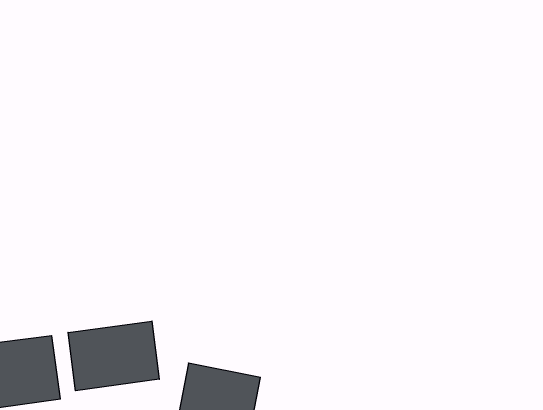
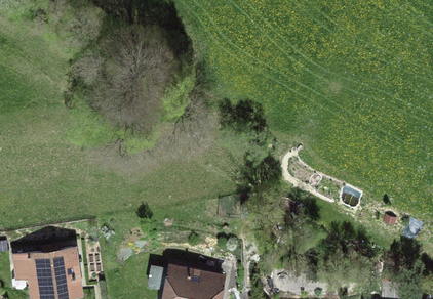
building: [68,321,159,391] -> none

